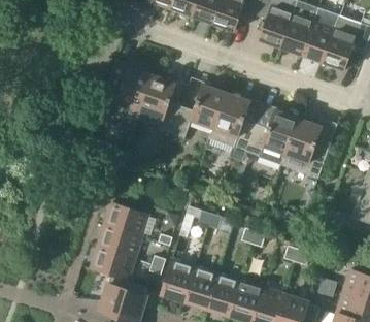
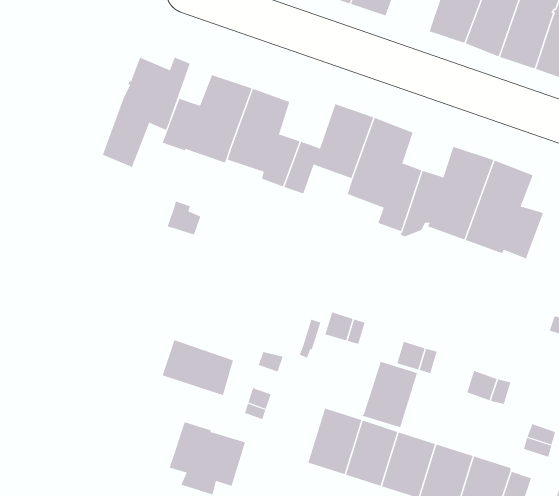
building: none -> [102,57,190,168]
building: [106,204,149,238] -> none
building: [93,248,136,281] -> none
building: [163,260,197,300] -> [361,361,418,428]

